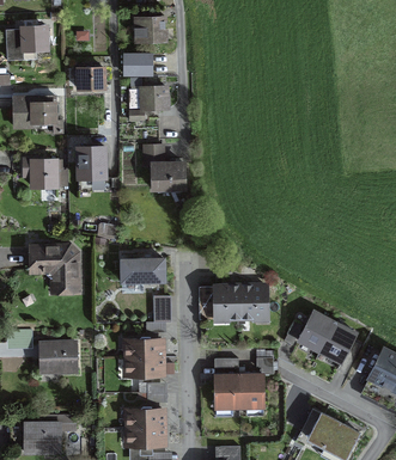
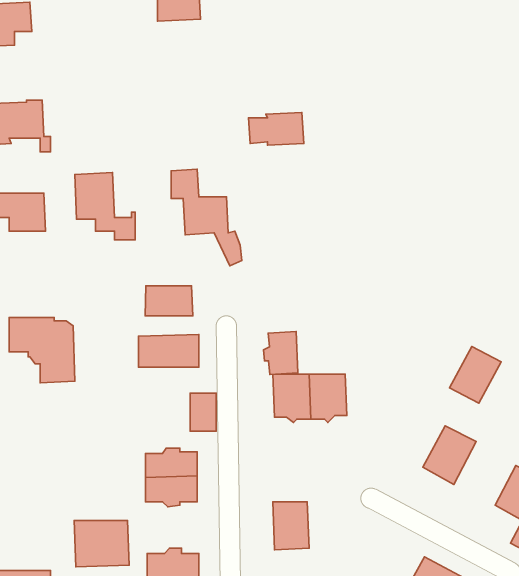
building: [123,54,151,74] -> none
building: [78,65,103,90] -> none
building: [128,86,166,109] -> [249,113,304,145]
building: none -> [145,286,193,316]
building: none -> [264,331,298,374]
building: [298,311,334,350] -> [450,346,501,403]
building: [38,341,77,373] -> [74,520,129,567]
building: [238,373,263,406] -> none

